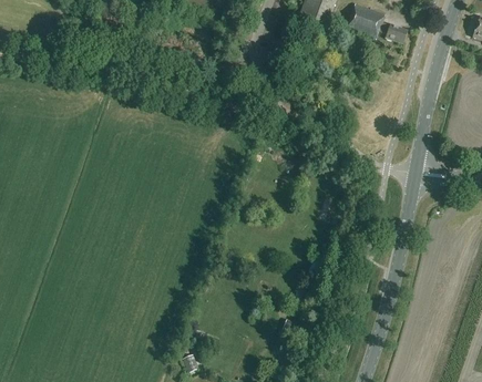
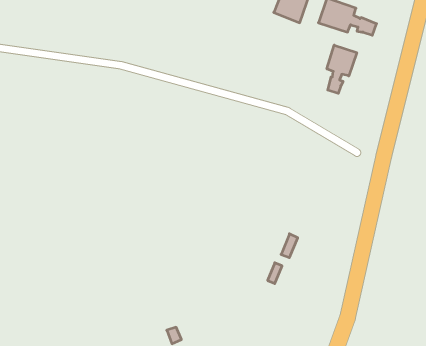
building: none -> [327,45,357,93]

